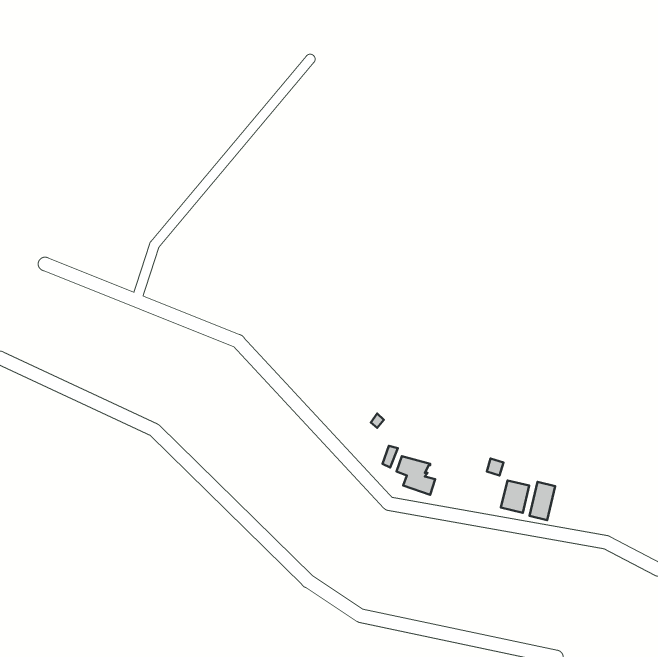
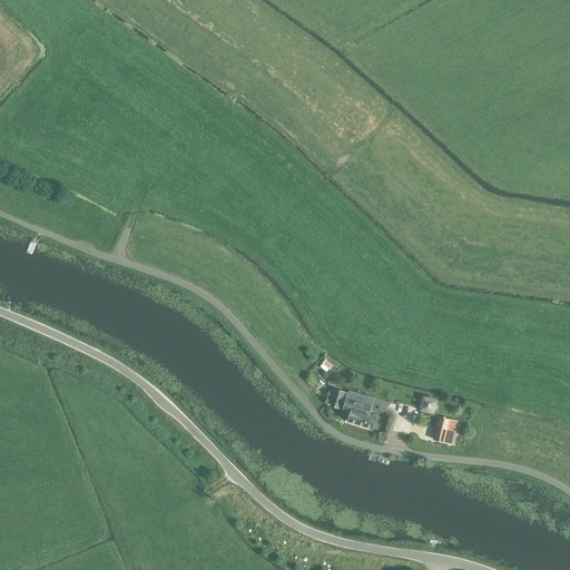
building: [529,482,555,520] -> none

